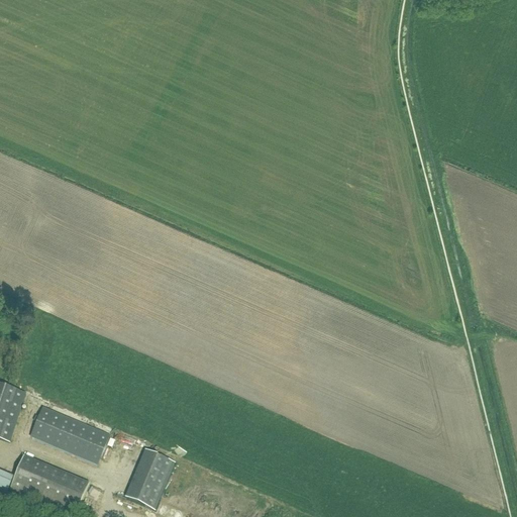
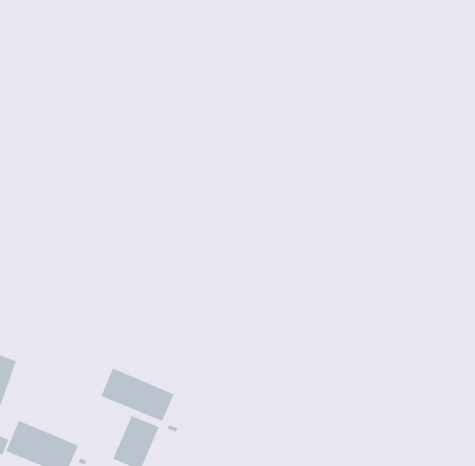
building: [29,405,109,462] -> [100,368,175,421]

